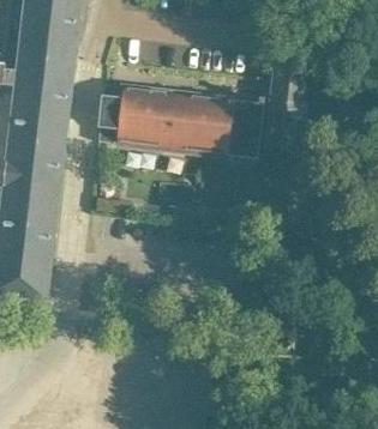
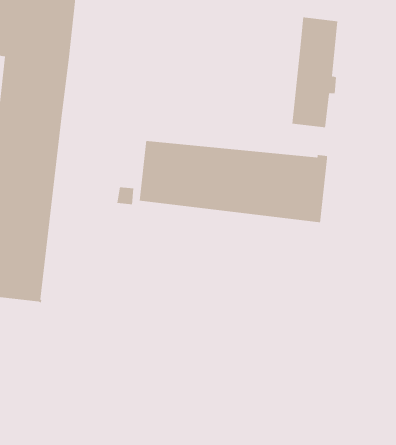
building: [95,85,260,157] -> [139,141,328,223]

